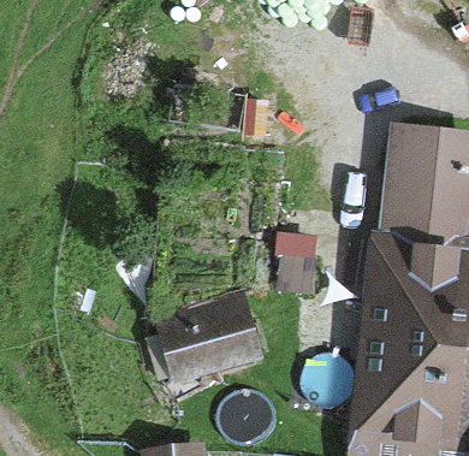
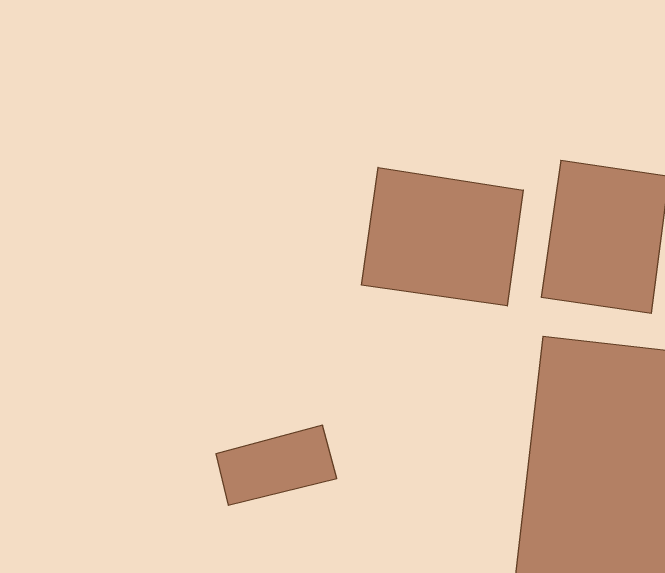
building: none -> [362,167,523,306]

